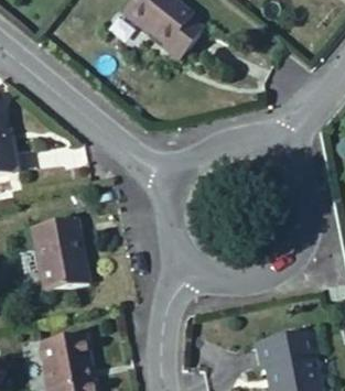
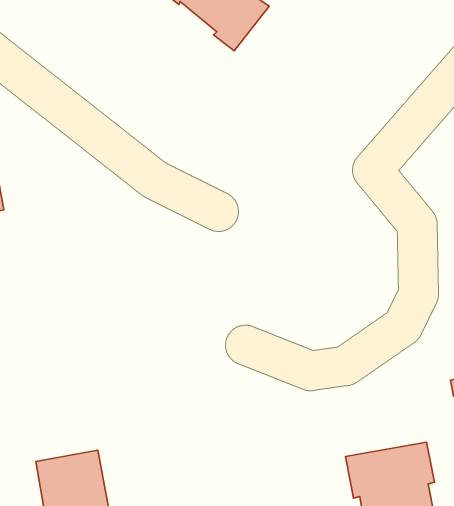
building: [31,217,89,292] -> none

